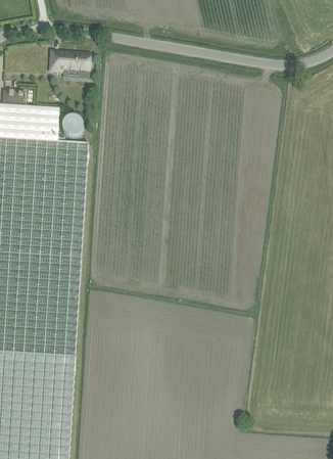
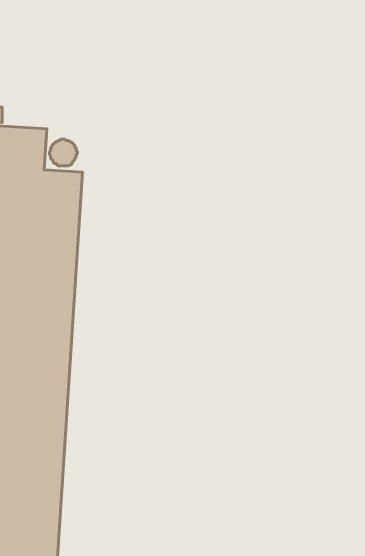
building: [50,51,92,73] -> none

